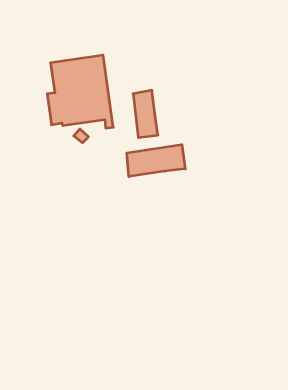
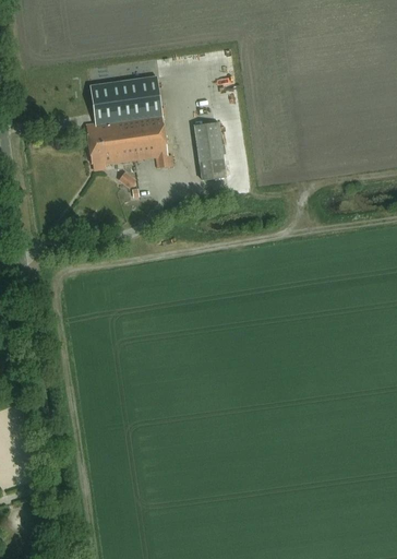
building: [127,145,185,177] -> none

